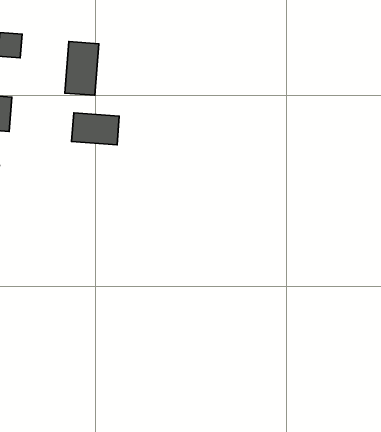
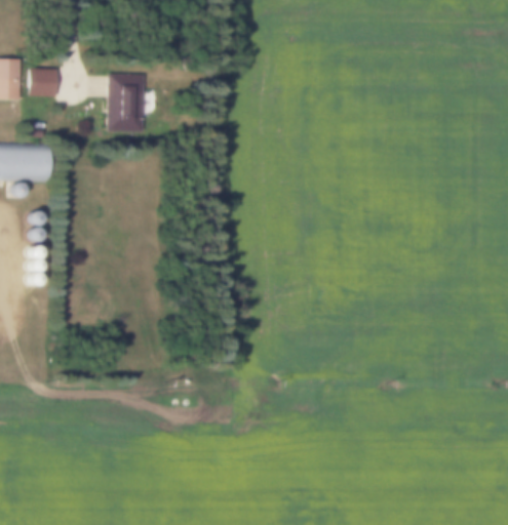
building: [72,113,119,145] -> none

